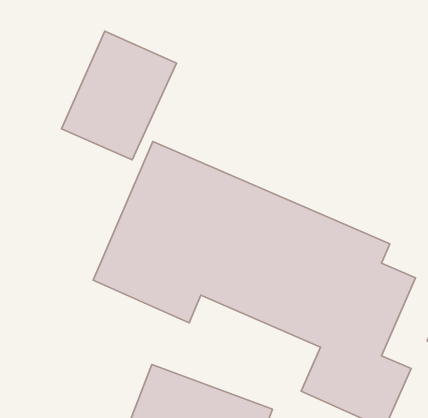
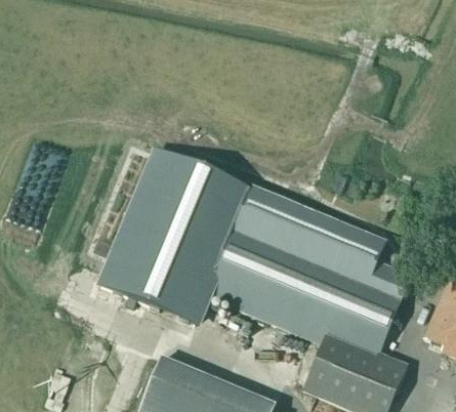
building: [62,31,176,160] -> none

